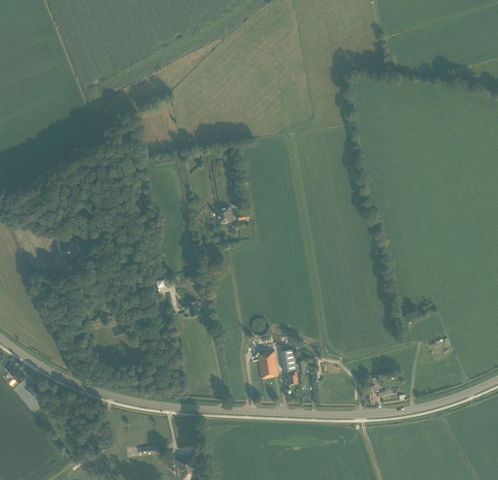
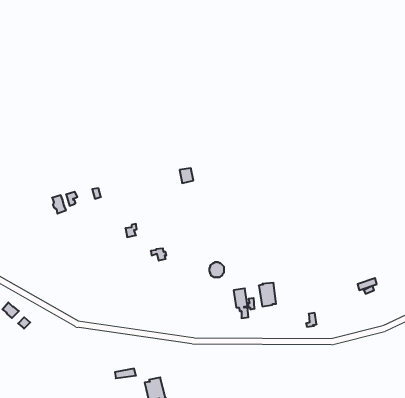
building: [257,351,277,379] -> [259,283,276,306]

